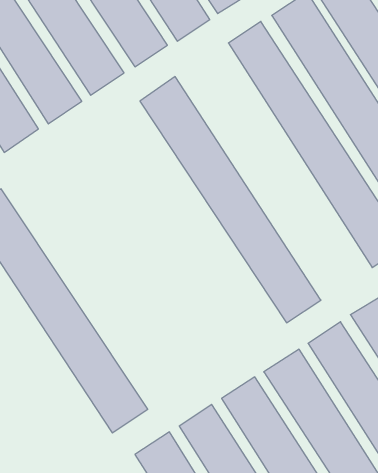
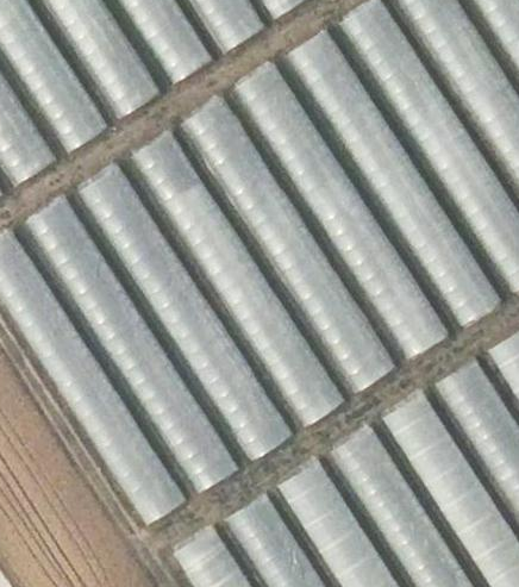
building: none -> [233,62,451,358]
building: none -> [130,130,348,426]
building: none -> [76,164,295,461]
building: none -> [24,196,240,493]

